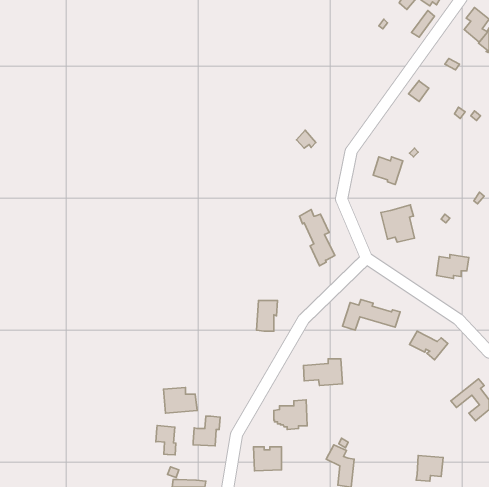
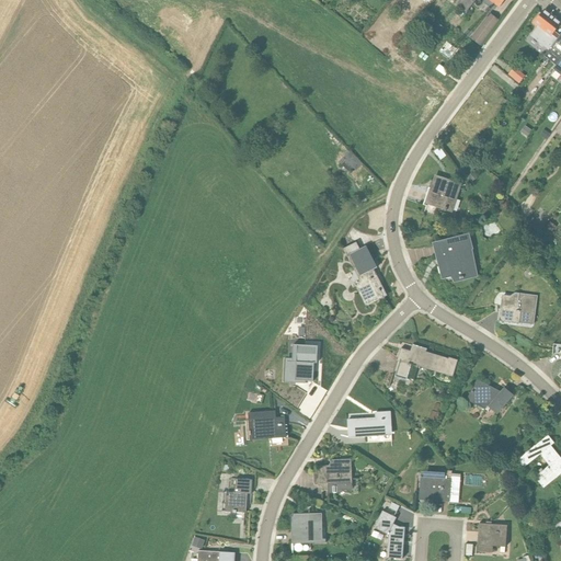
building: [164,387,197,413] -> [248,409,286,438]
building: none -> [419,476,451,501]
building: [156,426,176,455] -> none

